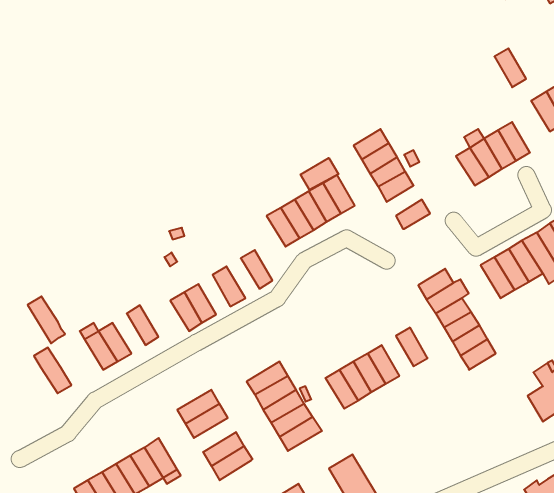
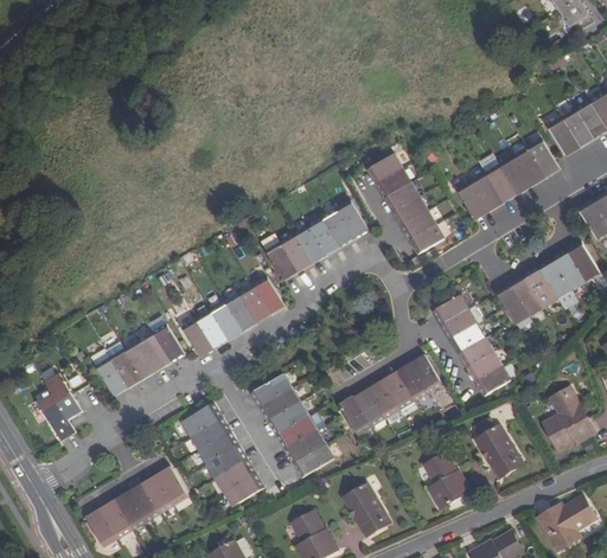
building: [494,48,526,87] -> [526,137,558,177]
building: none -> [455,180,488,219]
building: [301,158,339,190] -> none
building: none -> [400,210,435,240]
building: none -> [264,240,298,281]
building: none -> [238,283,271,323]
building: none -> [210,300,242,340]
building: [28,296,65,343] -> [37,393,75,441]
building: none -> [151,322,184,363]
building: none -> [123,339,156,379]
building: none -> [395,361,427,402]
building: none -> [250,373,292,408]
building: none -> [180,402,223,436]
building: none -> [475,424,523,480]
building: none -> [205,444,248,479]
building: none -> [422,453,468,511]

